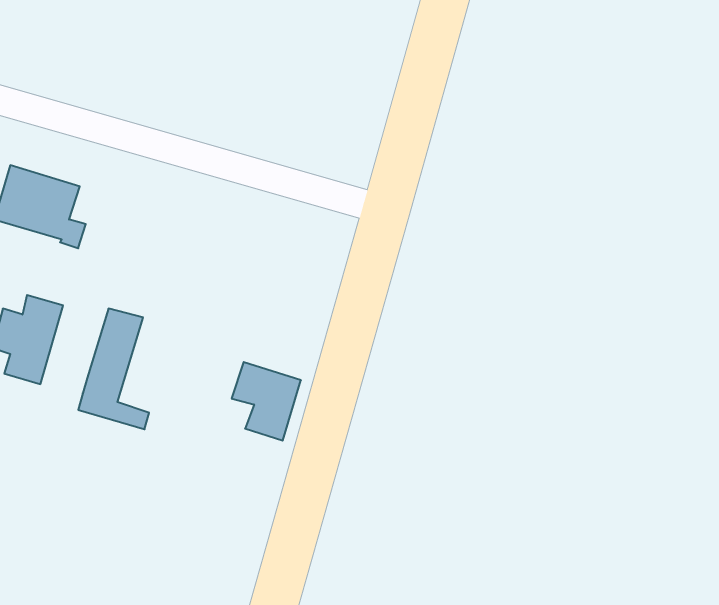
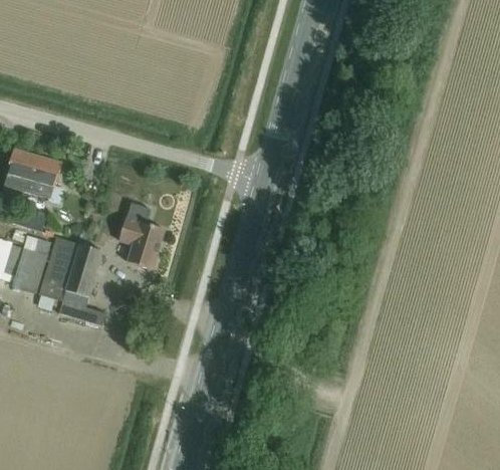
building: none -> [39,237,79,300]
building: [232,362,301,441] -> [117,217,164,269]

